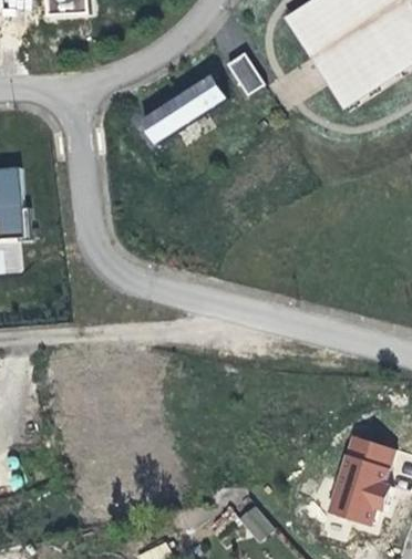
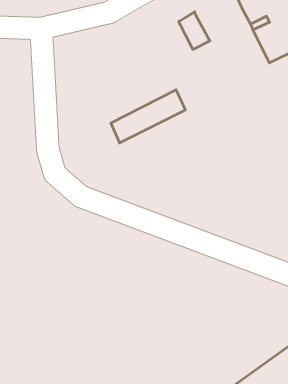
building: [141,73,226,142] -> [111,90,185,143]

